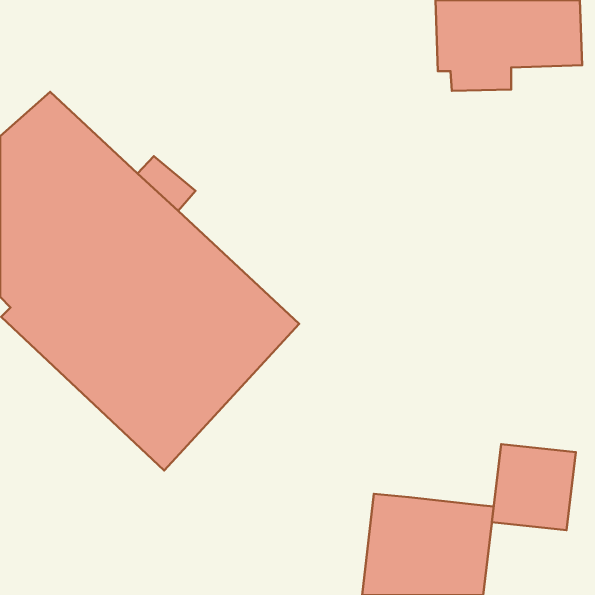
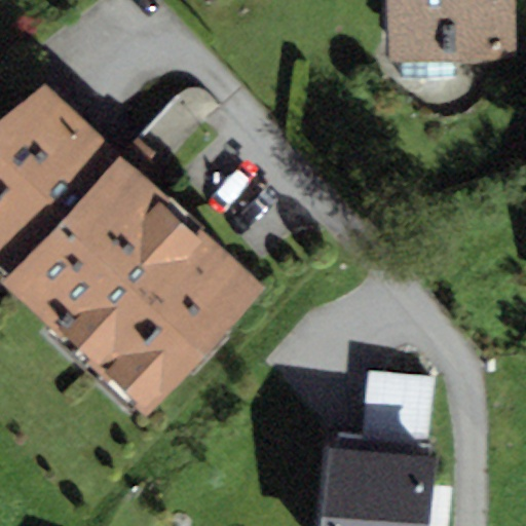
building: [492,444,576,530] -> [361,370,435,446]

